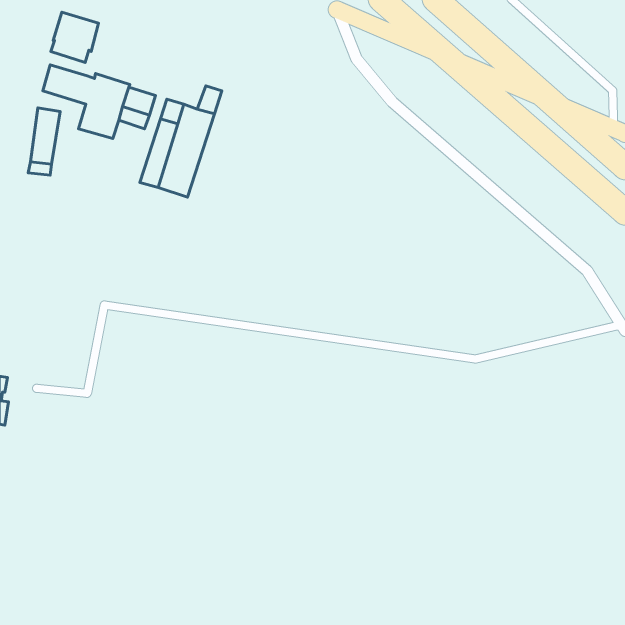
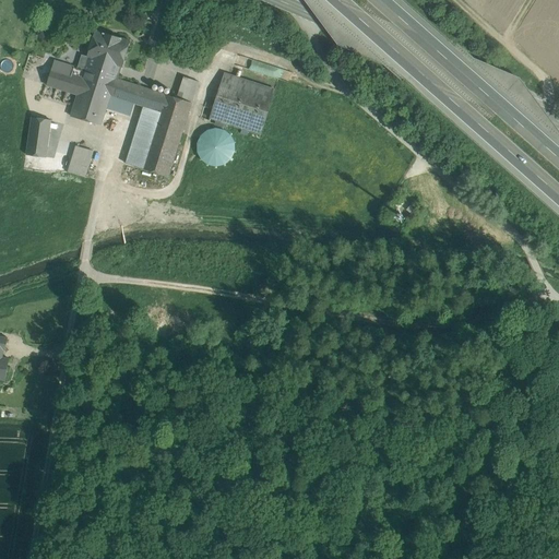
building: [51,12,99,62] -> [85,31,128,75]
building: none -> [209,72,274,133]
building: none -> [195,132,230,167]
building: none -> [67,145,92,176]

